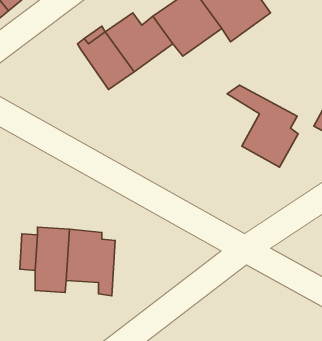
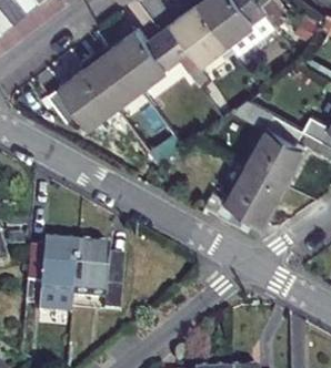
building: none -> [48,65,114,124]
building: none -> [207,162,285,228]

